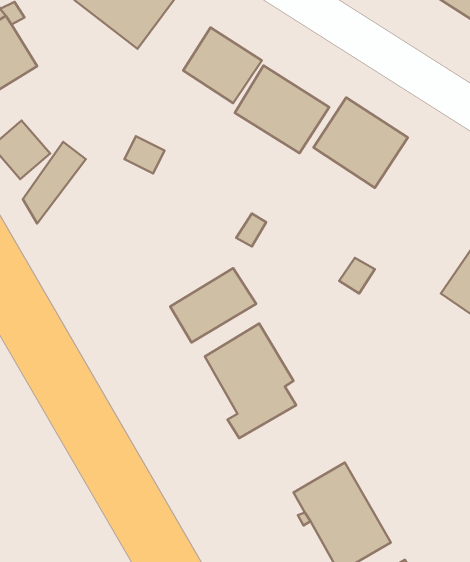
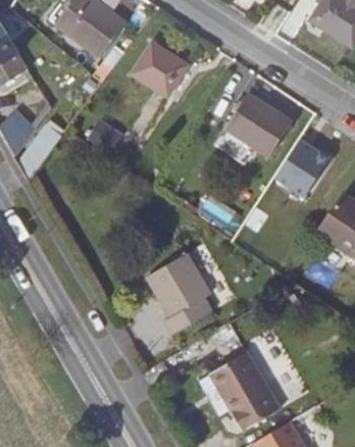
building: [235,65,329,153] -> none
building: none -> [274,139,331,197]
building: [170,268,256,343] -> none

